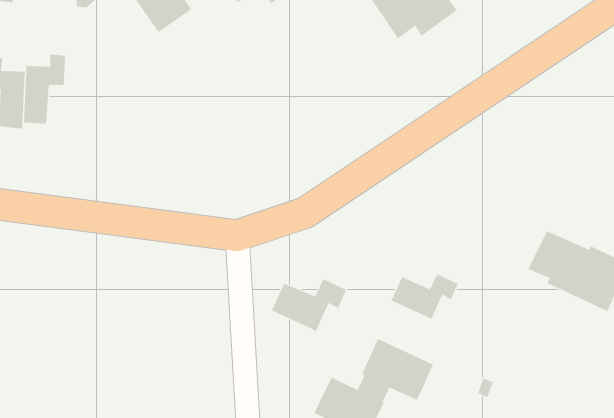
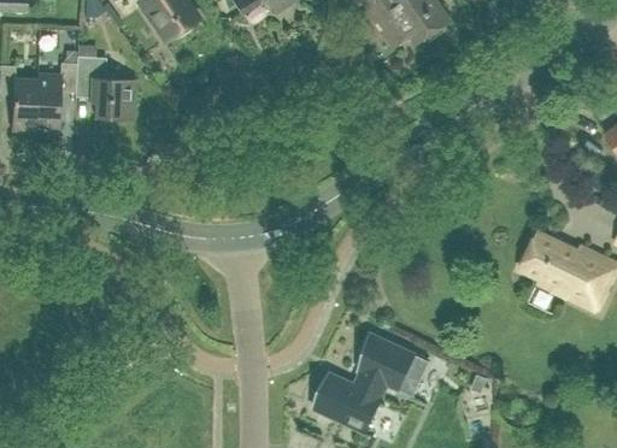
building: none -> [74,46,135,118]
building: [391,274,458,320] -> none
building: [271,279,347,332] -> none

